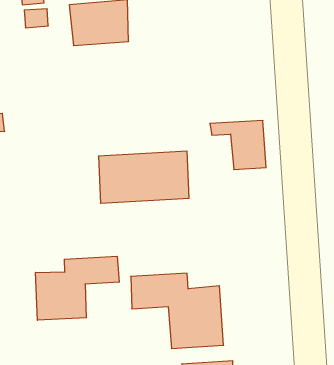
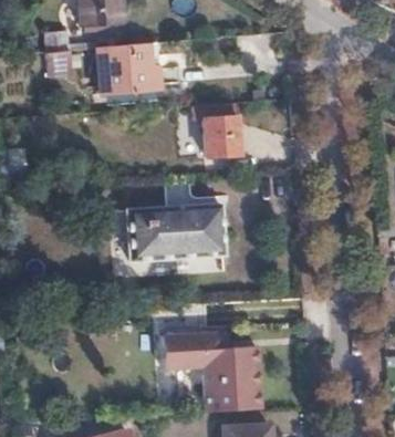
building: [210,121,266,170] -> [179,103,239,155]
building: [36,256,119,320] -> none

